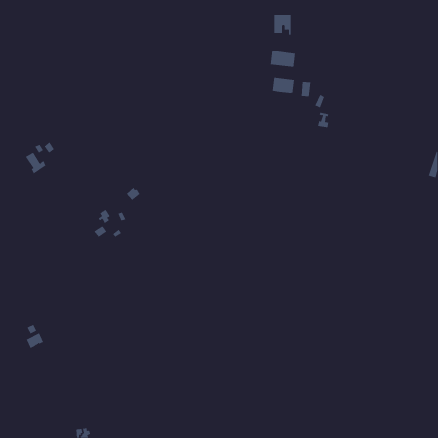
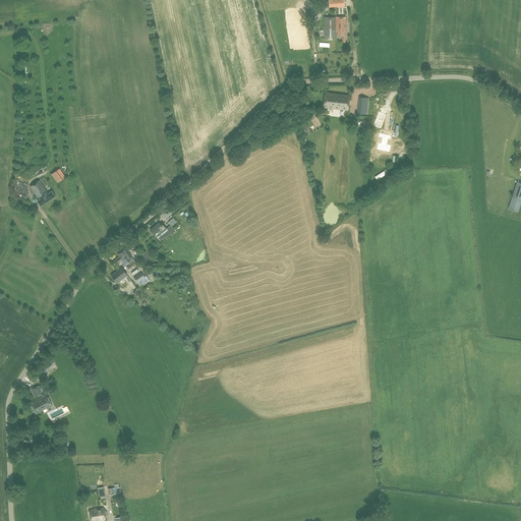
building: [270,50,295,68] -> none

